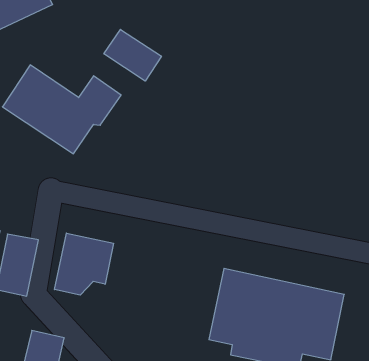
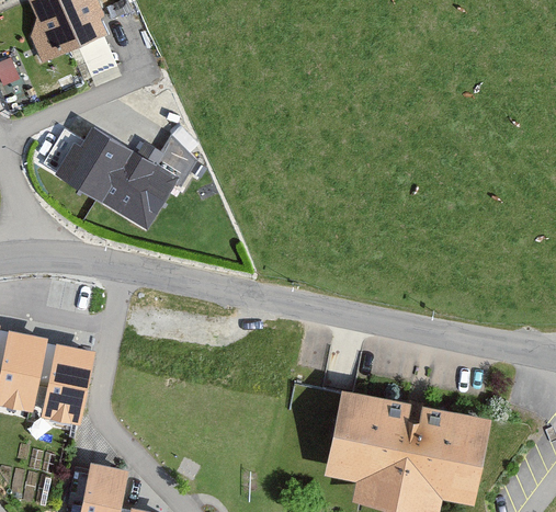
building: [104,29,161,81] -> none
building: [55,233,113,295] -> none

